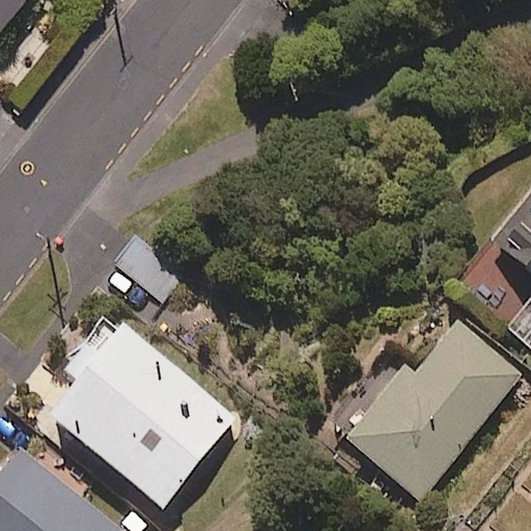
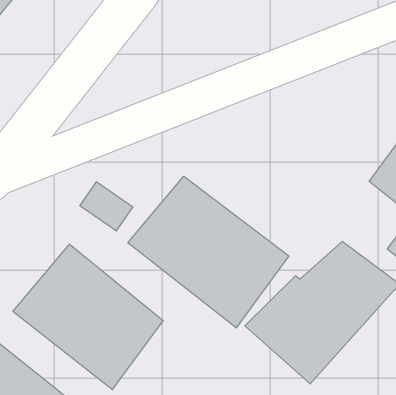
building: none -> [128,176,289,328]

